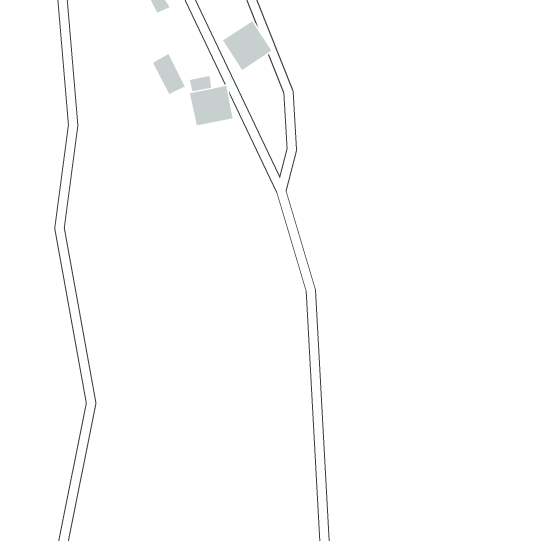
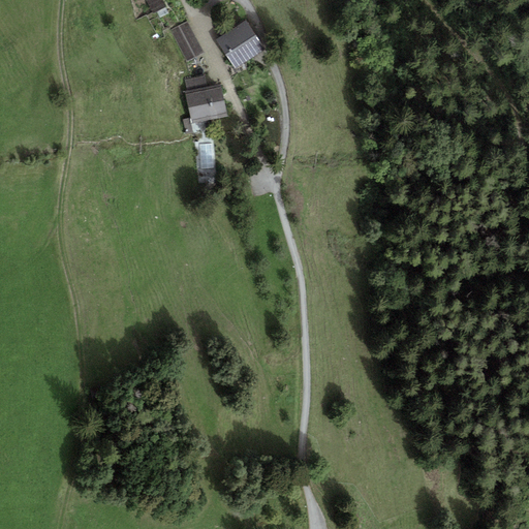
building: [152,53,186,95] -> [170,20,204,61]

